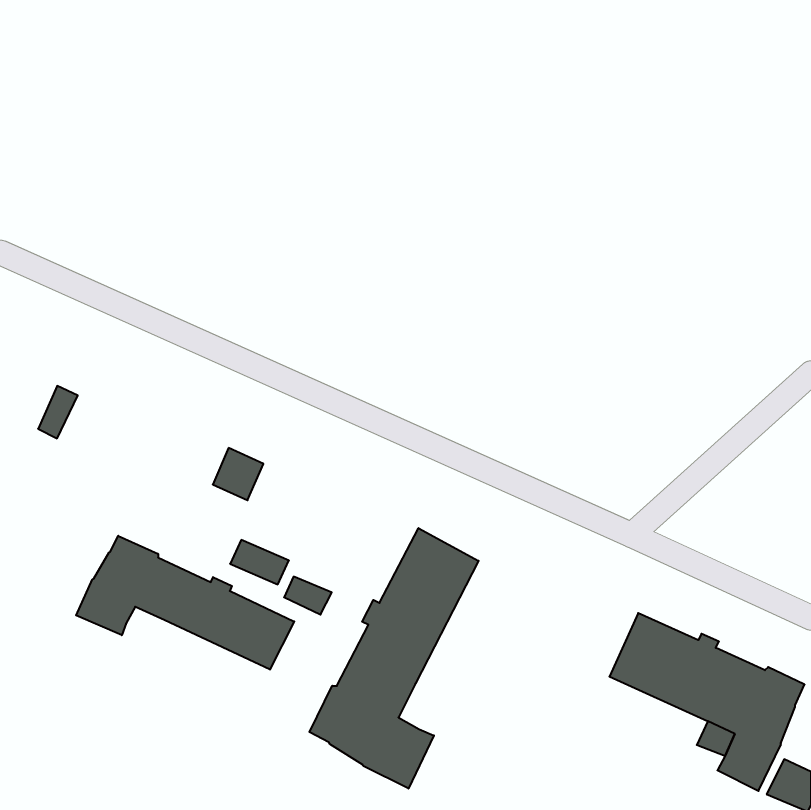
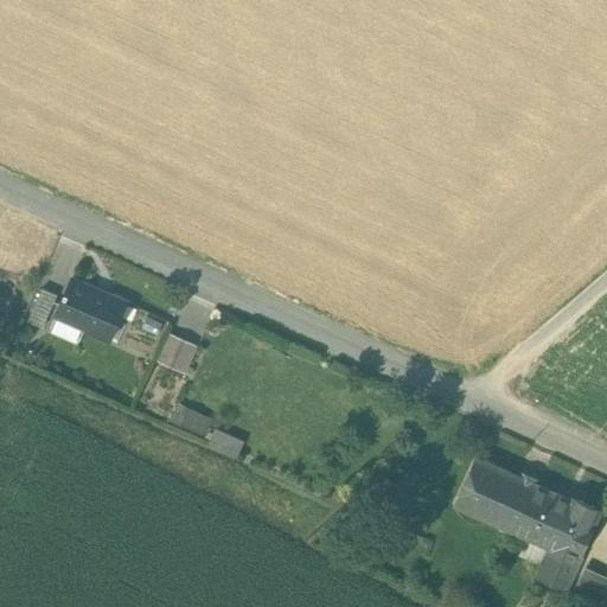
building: none -> [56,280,127,343]
building: [309,528,479,789] -> none
building: [76,536,294,670] -> none

